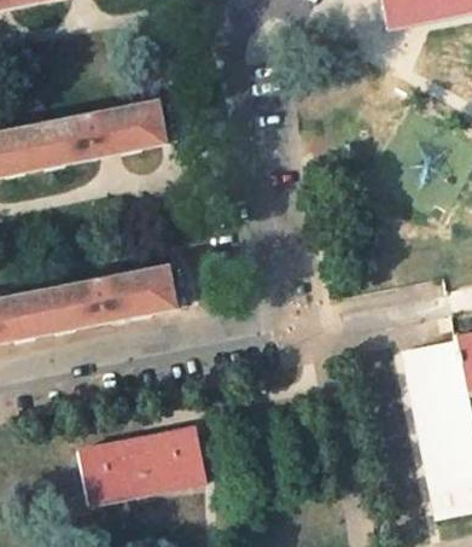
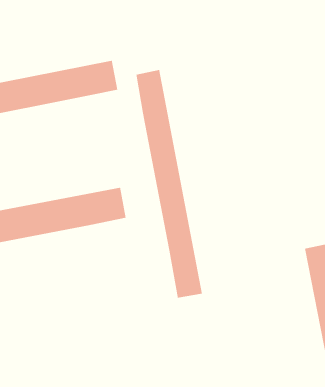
building: none -> [136,69,202,299]
building: [76,423,205,501] -> none

